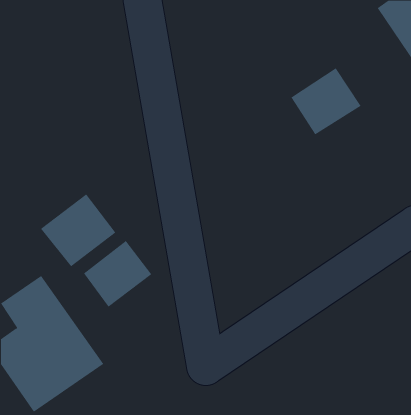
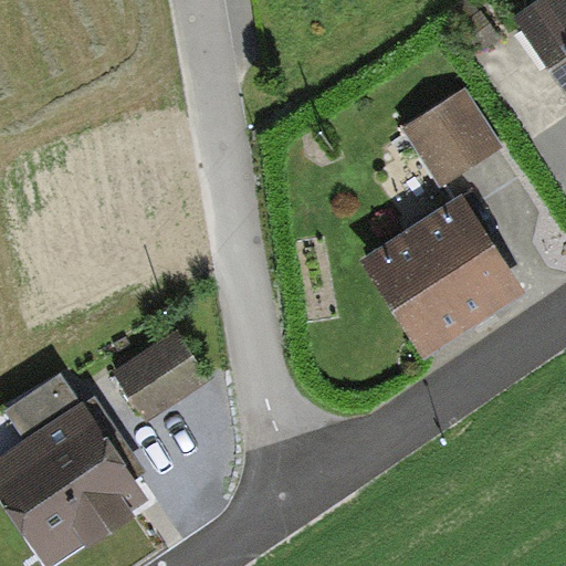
building: none -> [354,197,517,356]
building: [40,193,116,267] -> none

